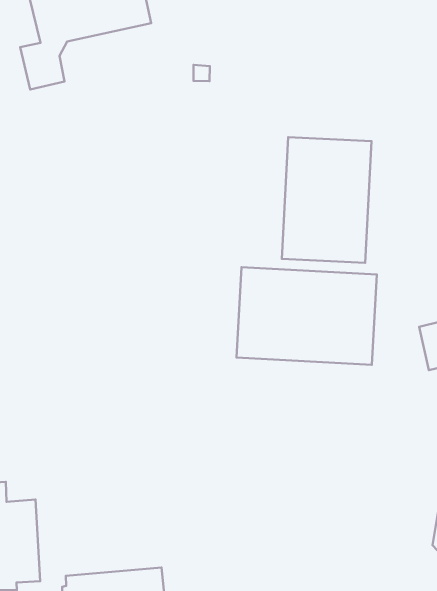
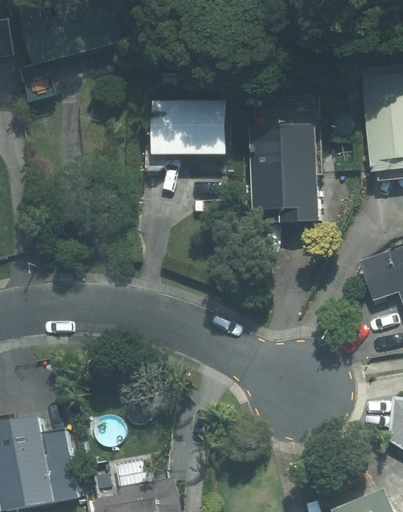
building: none -> [154,100,230,155]
building: [237,267,377,365] -> none

